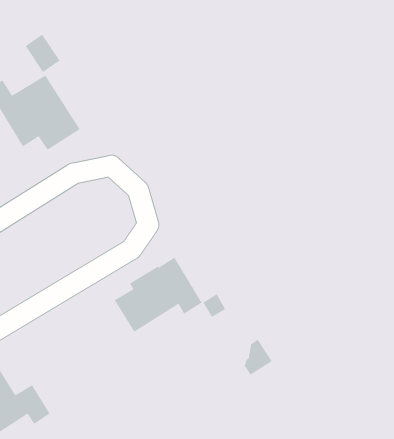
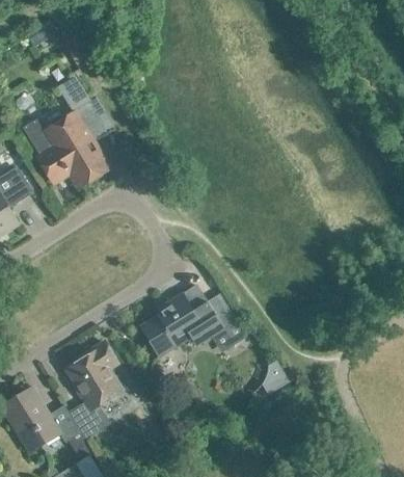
building: none -> [66,342,122,439]

